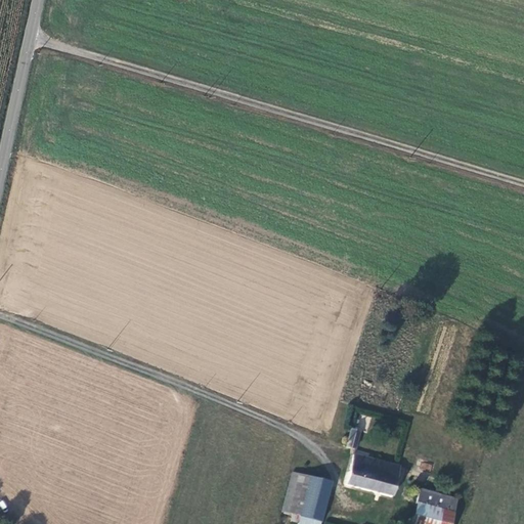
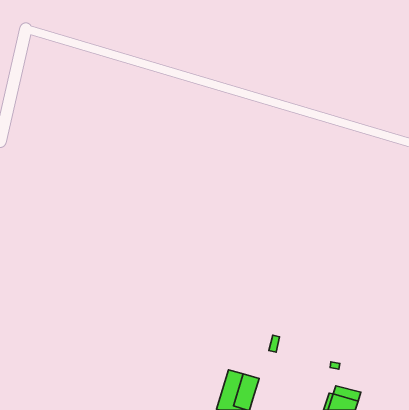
building: [347,452,403,494] -> none

